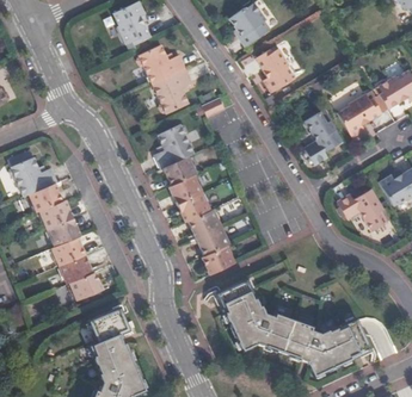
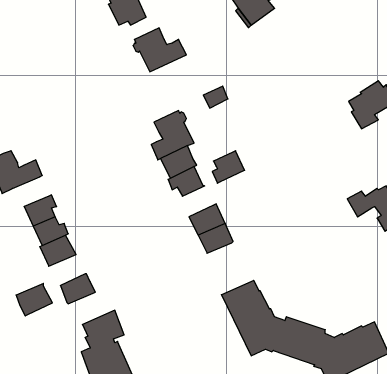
building: [253,48,293,95] -> none
building: [153,70,193,116] -> none
building: [303,113,339,166] -> none
building: [26,182,60,211] -> none
building: [182,191,211,221] -> [212,151,245,183]
building: [203,243,236,273] -> none
building: [60,254,93,284] -> [16,283,52,316]

